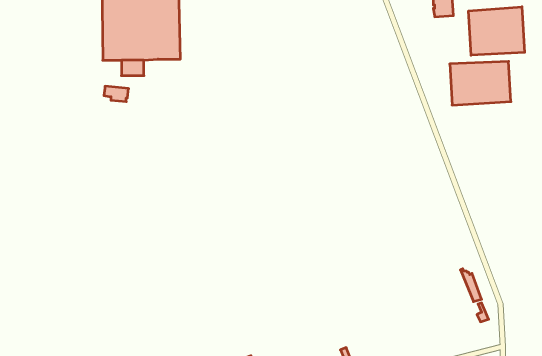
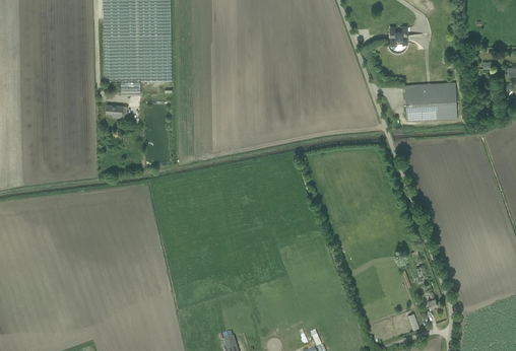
building: [469,7,525,55] -> none

